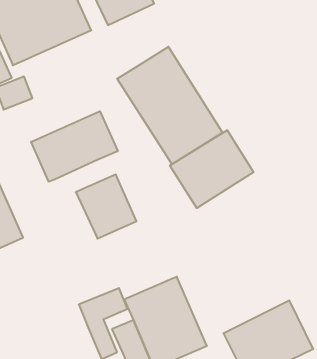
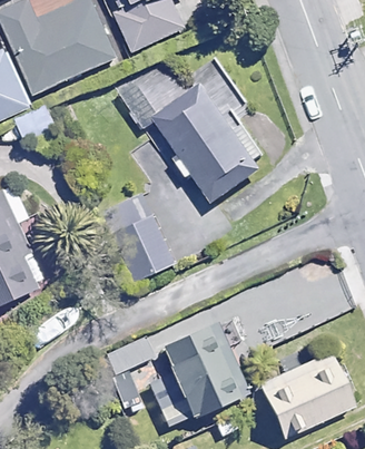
building: none -> [110,64,168,119]
building: [31,111,118,182] -> none
building: [170,130,253,208] -> none

